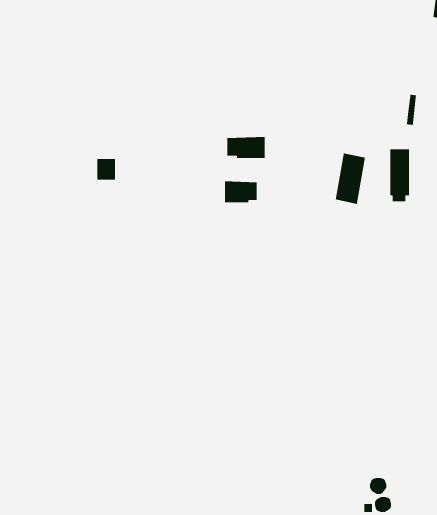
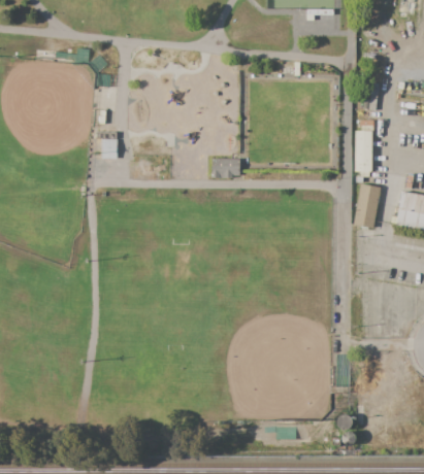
building: [226,136,265,159] -> none
building: [335,152,366,205] -> [354,182,381,228]

